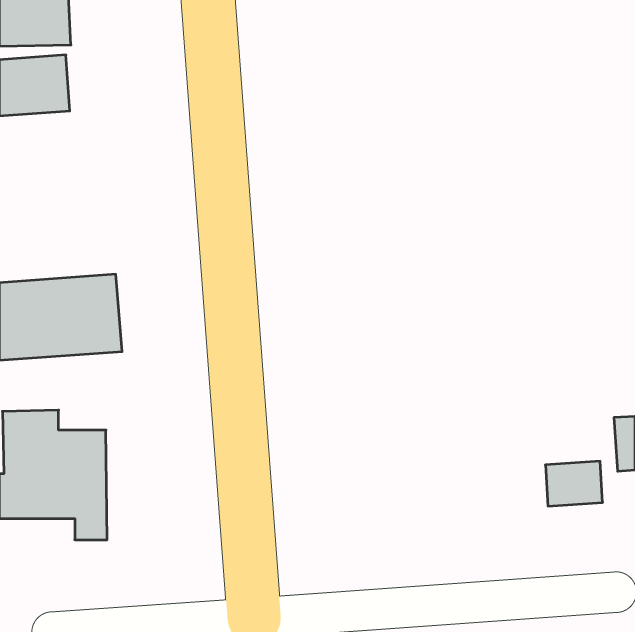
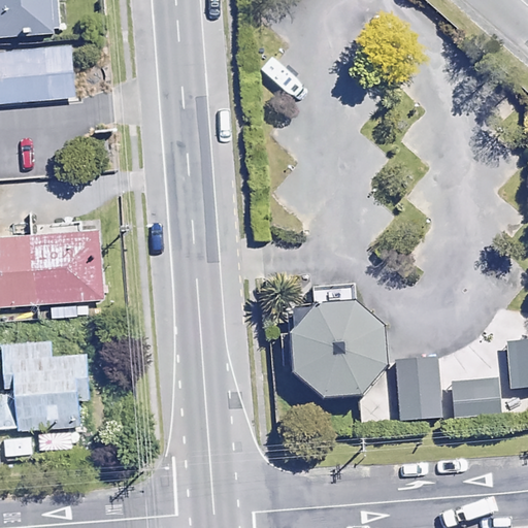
building: none -> [292,289,388,405]
building: none -> [398,361,440,422]

